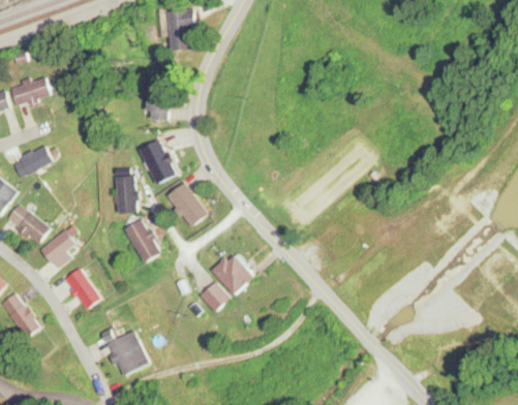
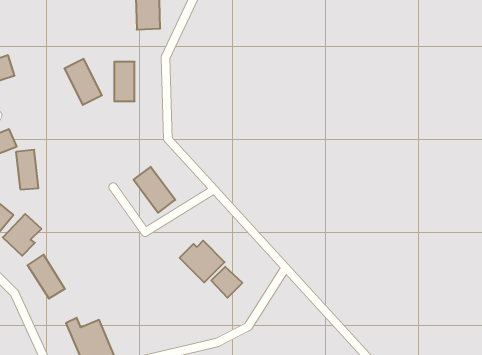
building: [140,139,176,184] -> [64,59,102,105]
building: [115,176,136,214] -> [16,150,38,189]
building: [125,220,161,263] -> none
building: [201,282,231,312] -> [211,267,242,298]

